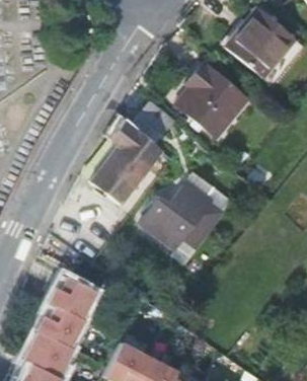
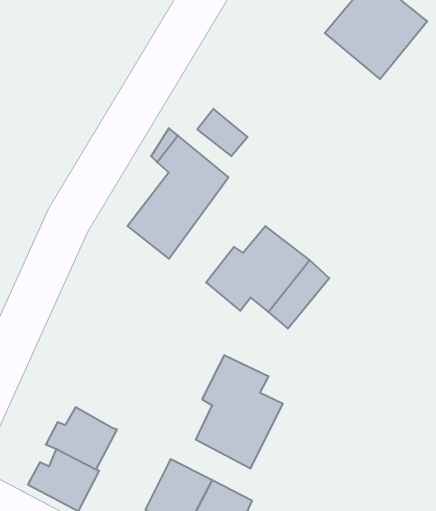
building: [174,65,247,141] -> none
building: none -> [196,355,283,469]
building: [48,276,96,319] -> none

